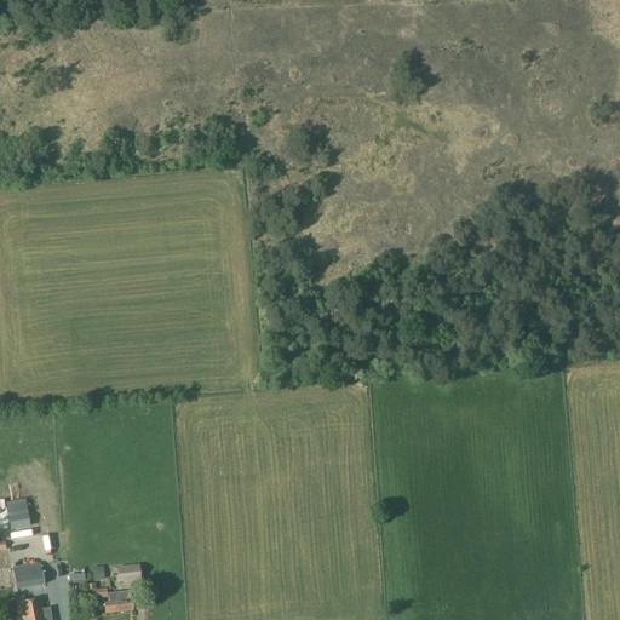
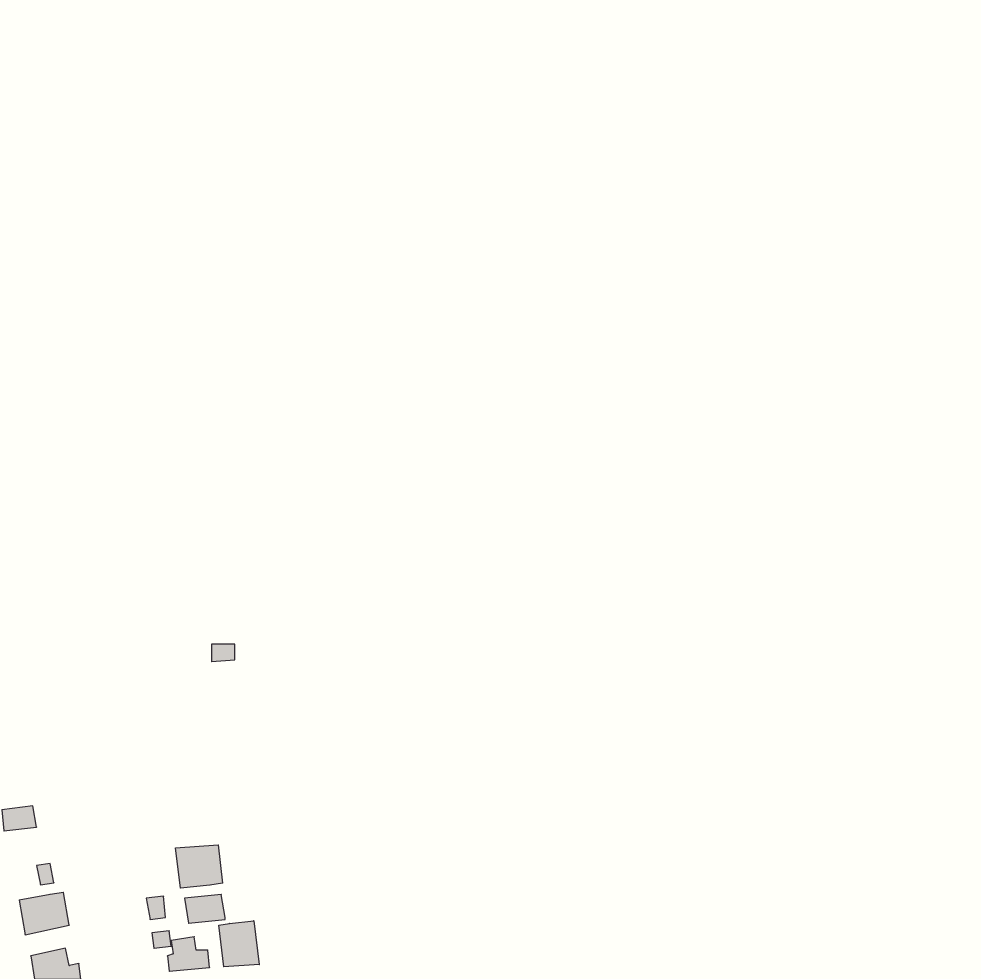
building: none -> [176,845,223,888]
building: none -> [219,921,259,967]

